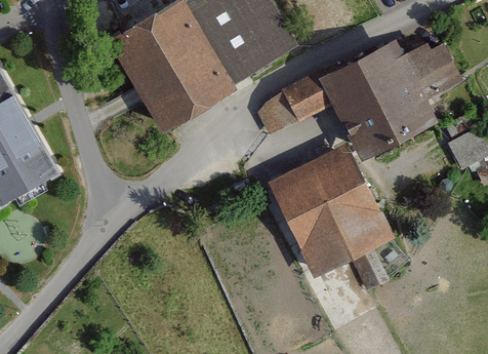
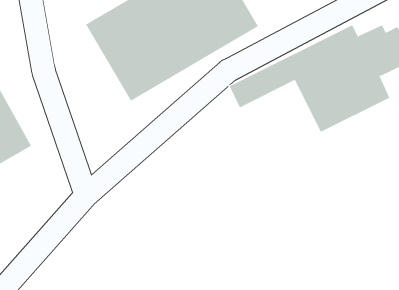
building: [271,146,391,289] -> none

